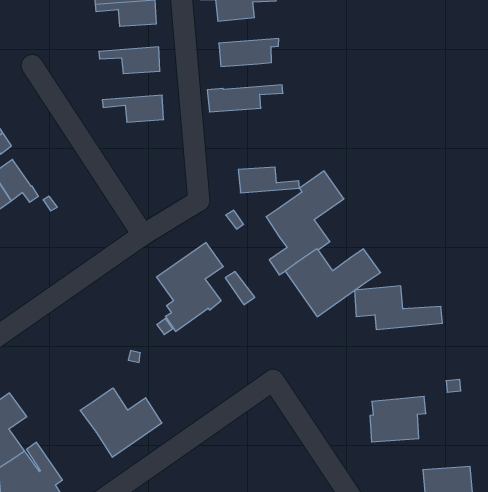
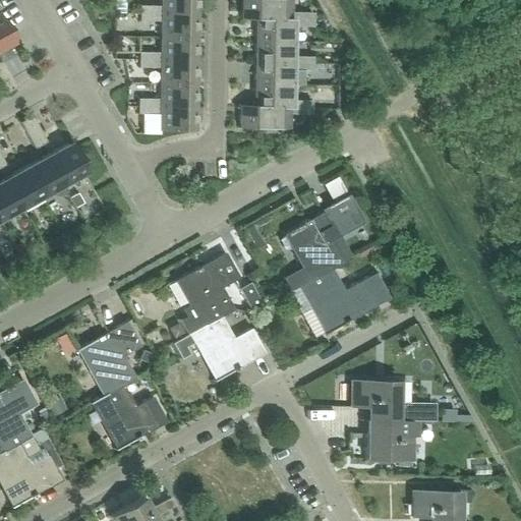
building: none -> [257,42,315,64]
building: none -> [141,38,199,61]
building: none -> [140,83,198,108]
building: none -> [49,143,85,183]
building: [238,167,299,193] -> [257,85,314,109]
building: [355,286,442,330] -> [353,382,436,421]
building: none -> [173,316,267,383]
building: none -> [77,323,141,396]

